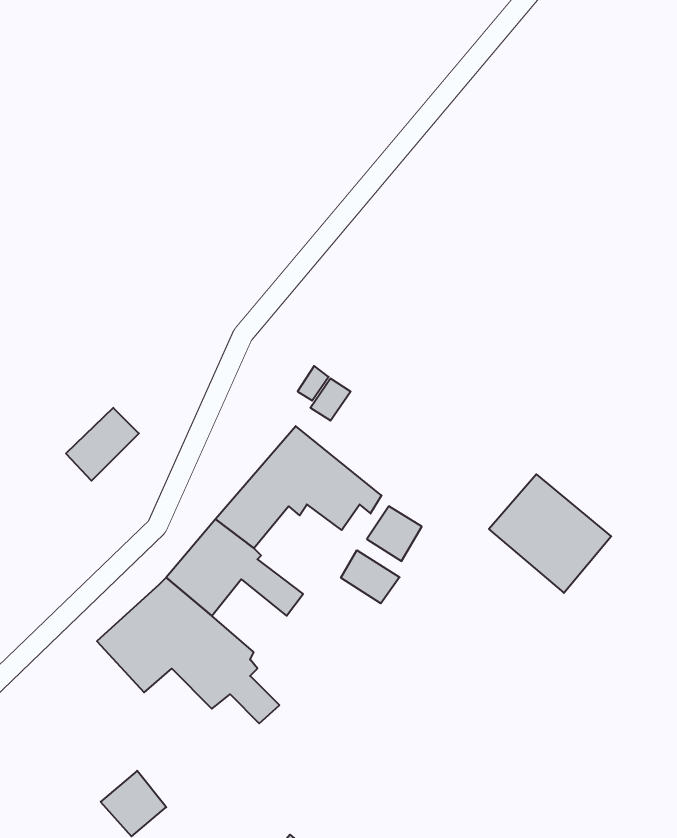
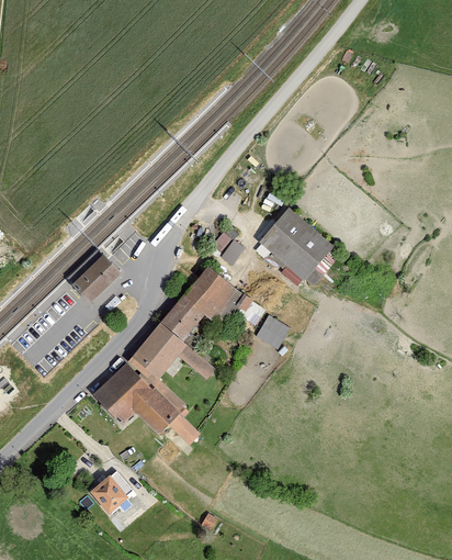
building: [489,474,611,593] -> [258,209,331,280]
building: [341,550,400,603] -> none

